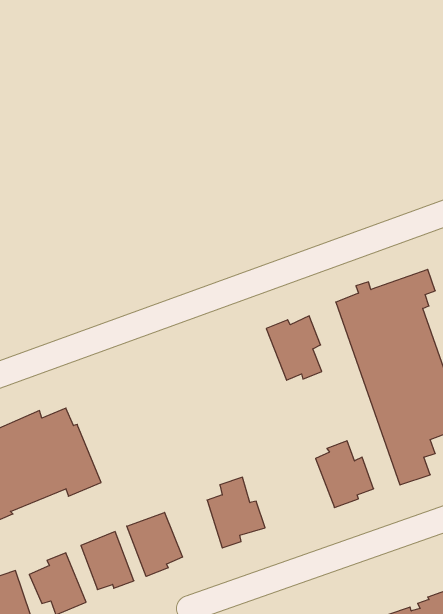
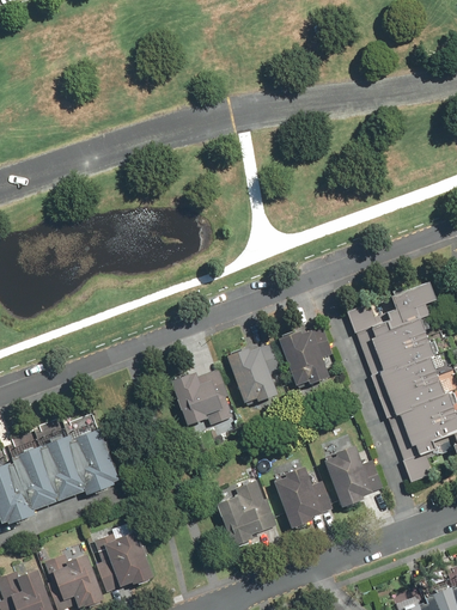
building: none -> [225,343,280,404]
building: none -> [171,367,230,426]
building: none -> [274,465,331,530]
building: [127,512,182,576] -> none

